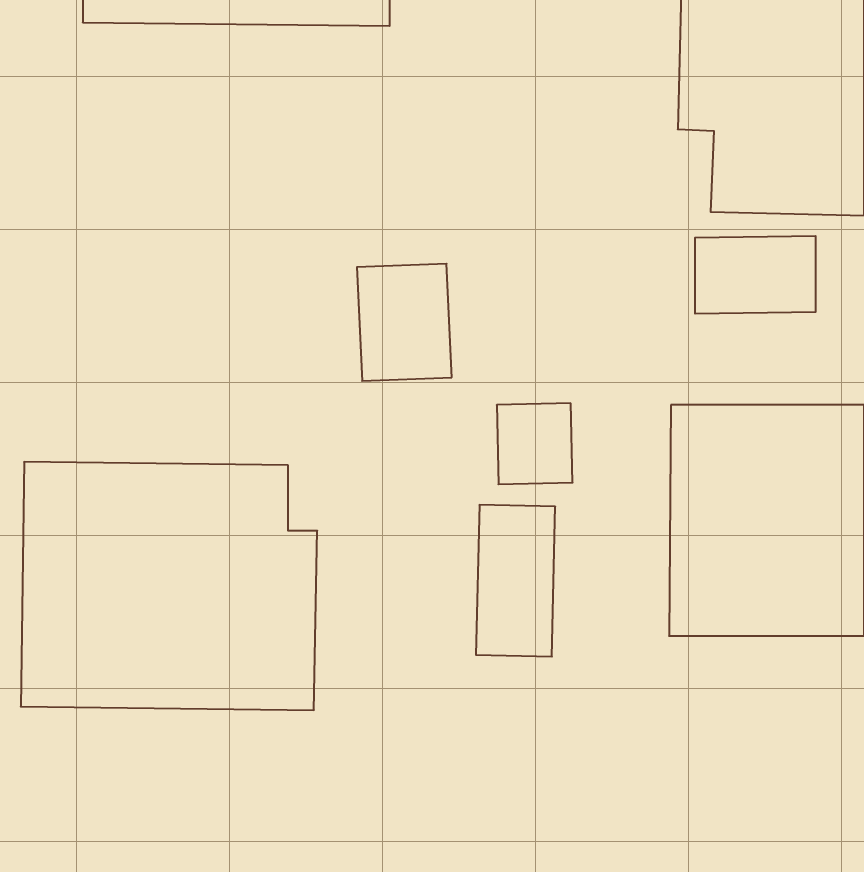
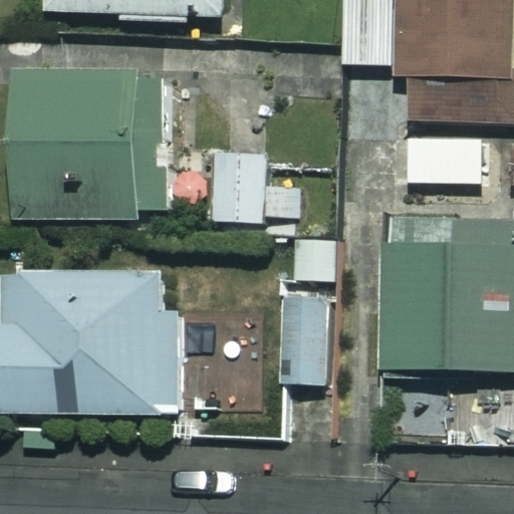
building: none -> [20,83,164,219]

